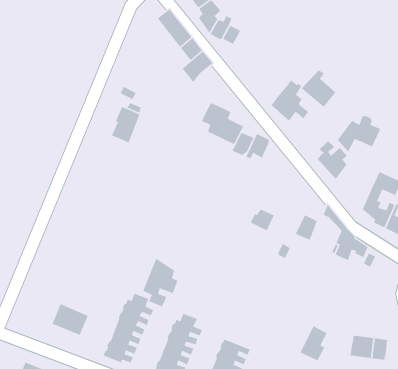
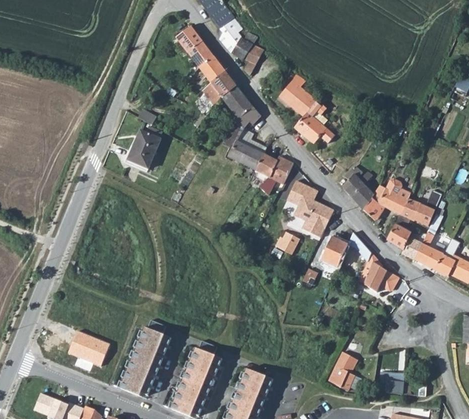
building: none -> [222,82,260,127]
building: [301,69,336,108] -> [276,79,313,119]
building: [337,115,381,152] -> [363,178,409,217]
building: none -> [284,181,332,238]
building: [142,258,179,307] -> none

